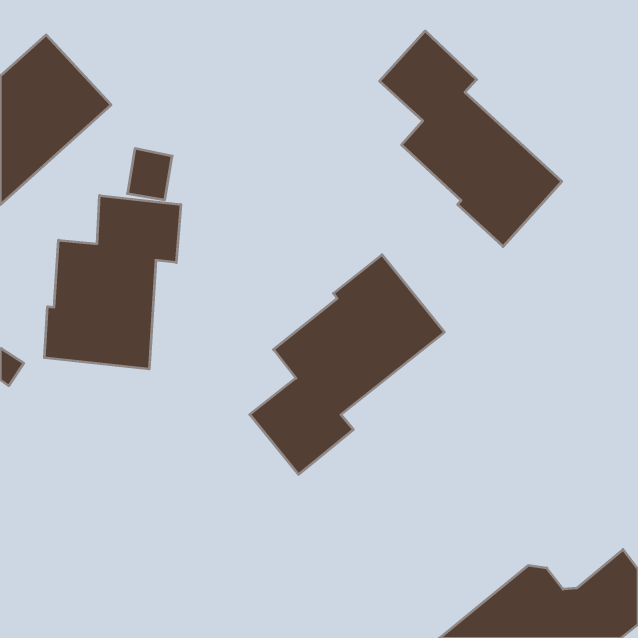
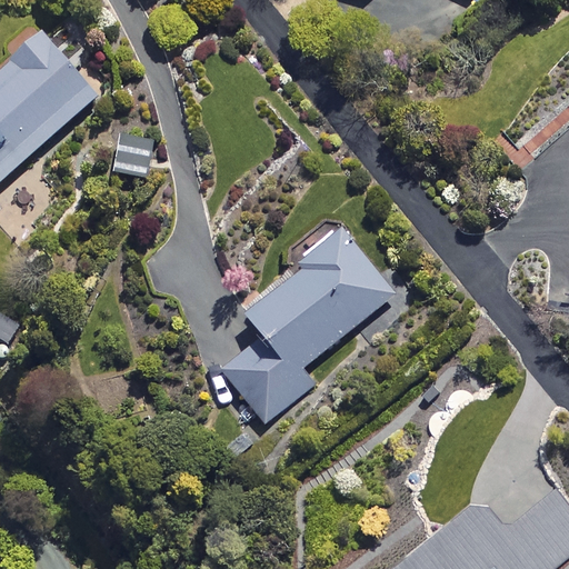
building: [380,31,562,247] -> none
building: [44,195,181,369] -> none

